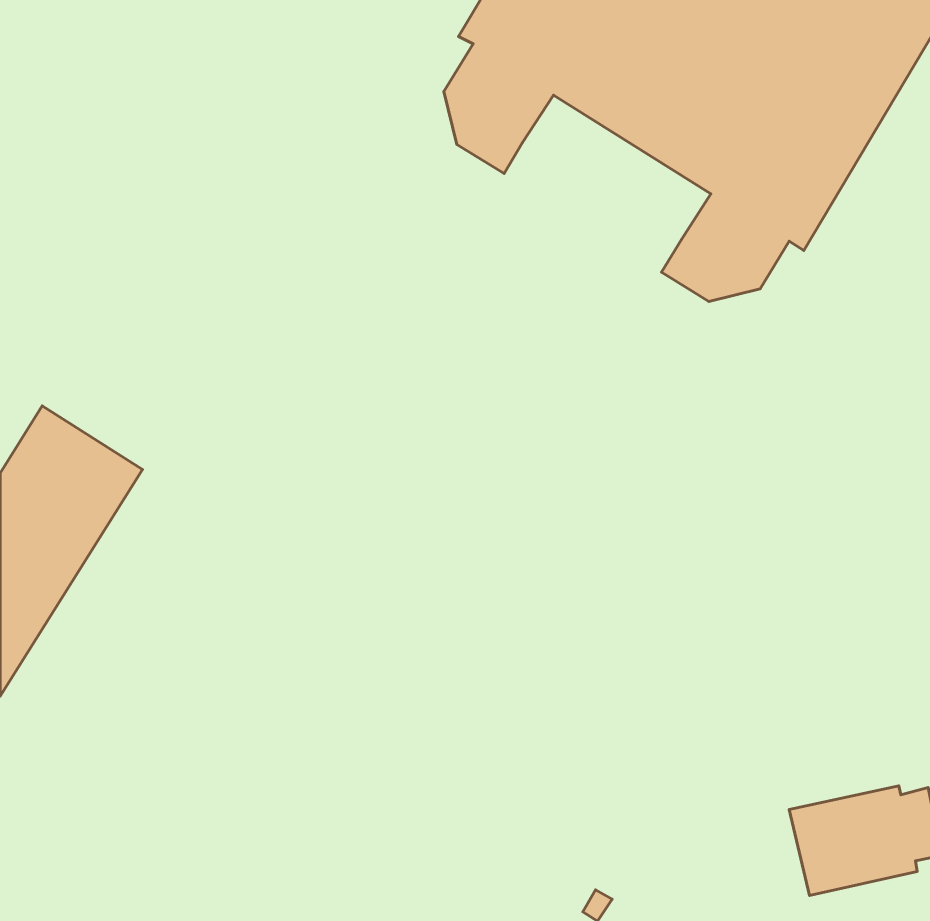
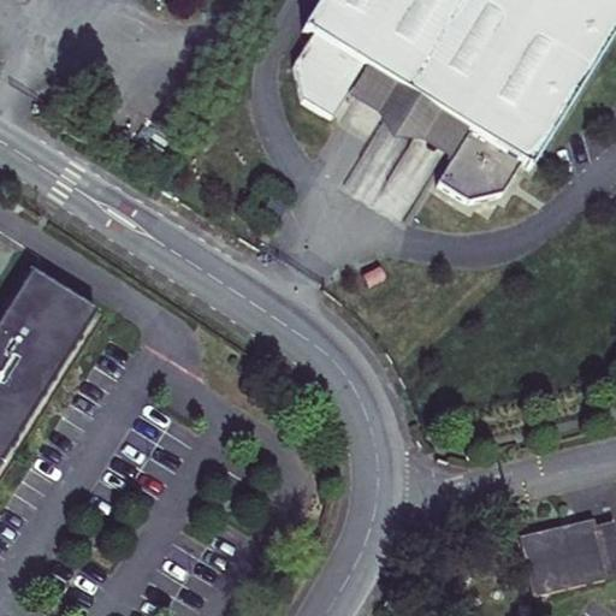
building: none -> [346,63,470,158]

